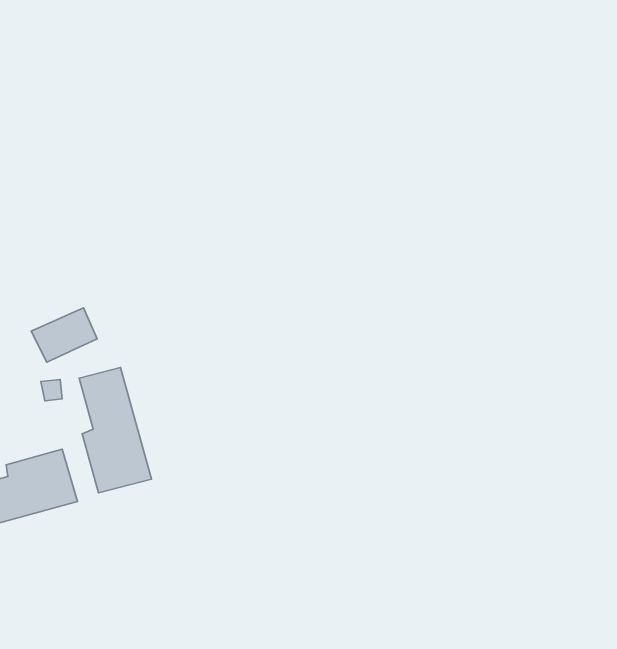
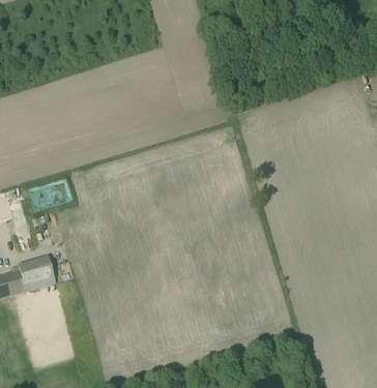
building: [79,367,152,493] -> none

